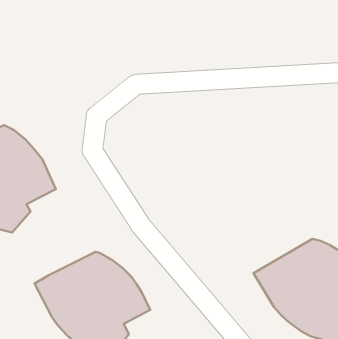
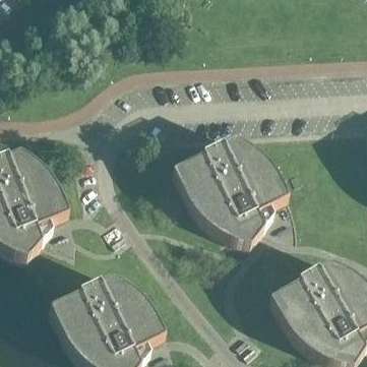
building: none -> [170,138,287,244]

